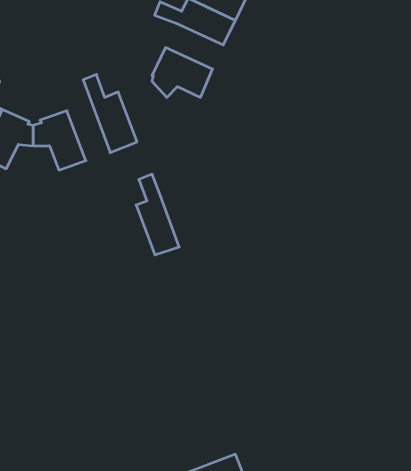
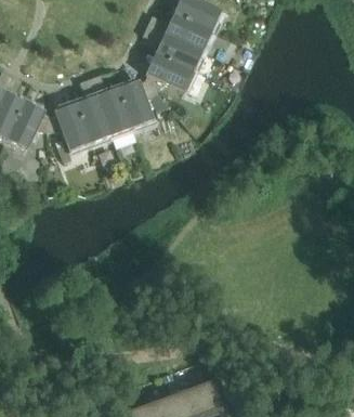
building: none -> [142,26,201,69]
building: none -> [117,79,156,128]
building: [136,174,179,255] -> [76,78,110,143]

